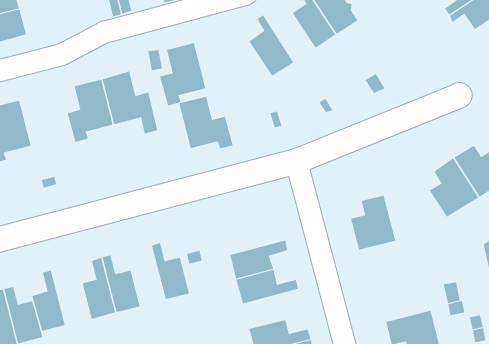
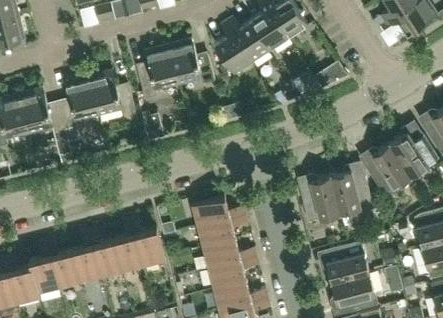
building: none -> [226,18,270,62]
building: none -> [18,87,70,155]
building: [179,96,234,149] -> [167,39,214,84]
building: none -> [329,170,371,214]
building: none -> [191,196,245,226]
building: none -> [113,218,142,270]
building: none -> [45,237,79,286]
building: none -> [325,241,369,283]
building: none -> [208,255,258,289]

